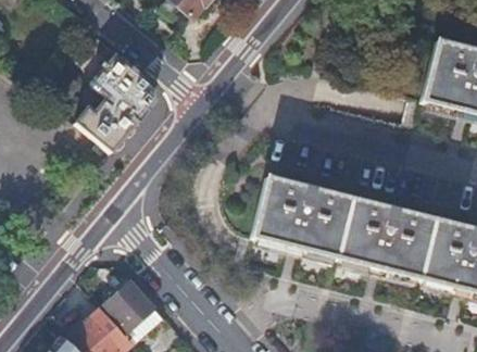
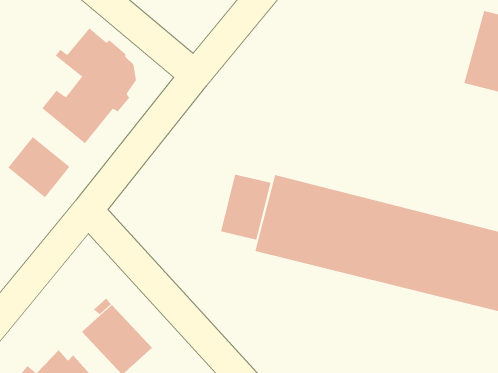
building: none -> [8,136,70,198]
building: none -> [220,174,271,240]

